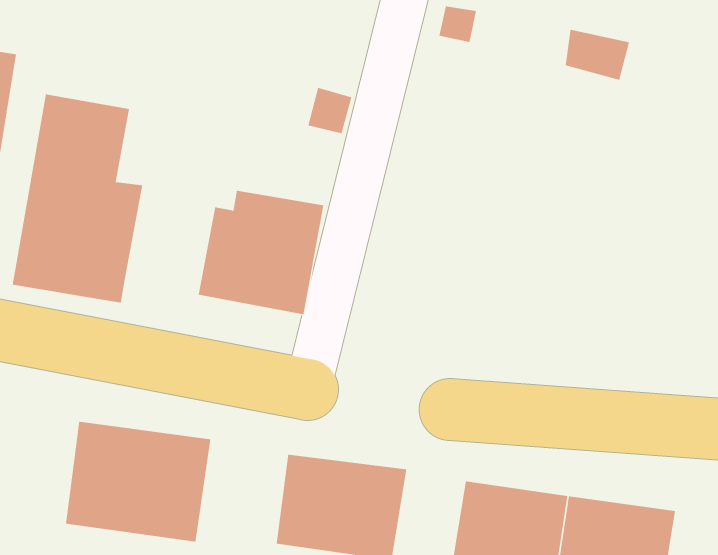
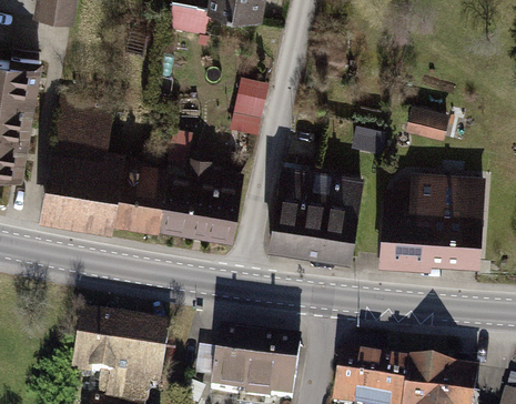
building: [565,29,630,80] -> [406,108,449,142]
building: none -> [112,161,172,229]
building: none -> [269,165,361,261]
building: none -> [382,178,484,263]

